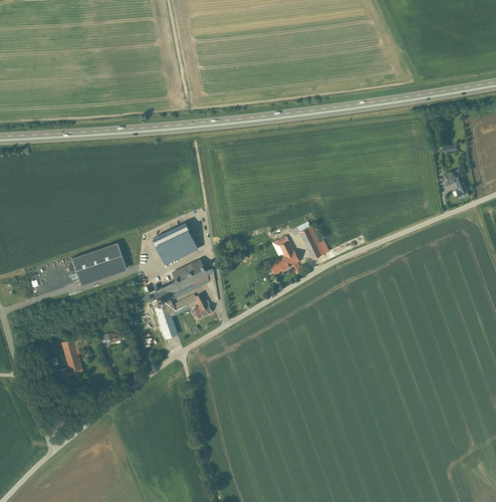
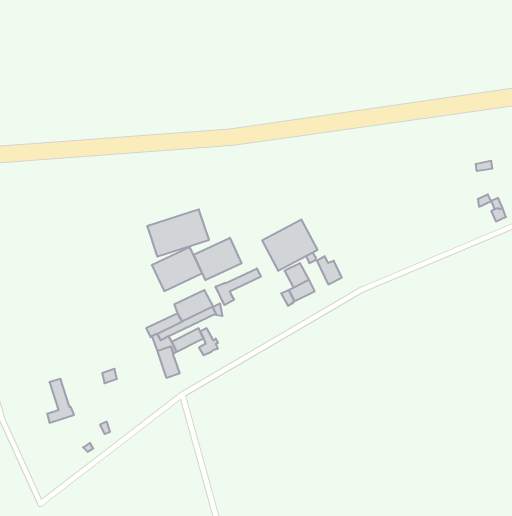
building: none -> [262,219,317,271]
building: none -> [194,238,242,280]
building: none -> [216,268,261,305]
building: [71,243,127,285] -> [147,209,209,257]

